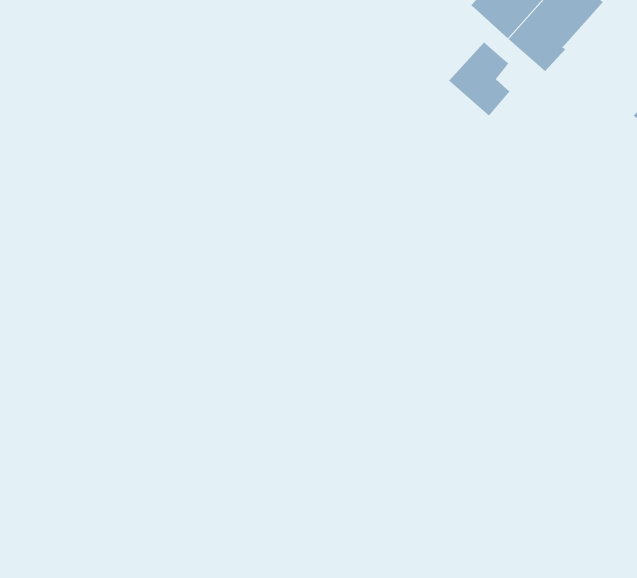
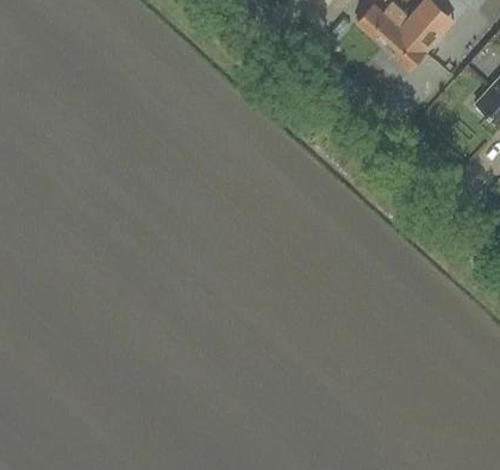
building: [448,41,510,116] -> none

